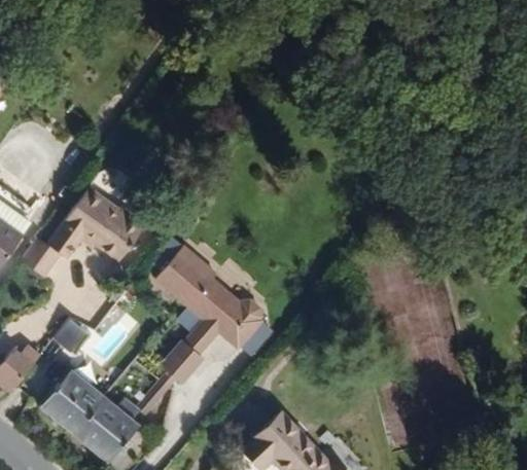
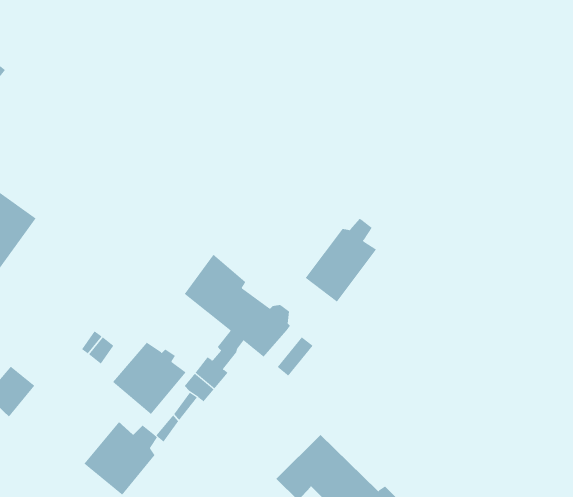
building: [19,188,142,279] -> none
building: none -> [305,218,377,302]
building: [40,371,105,435] -> [112,342,186,415]

